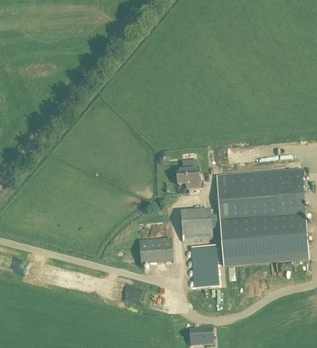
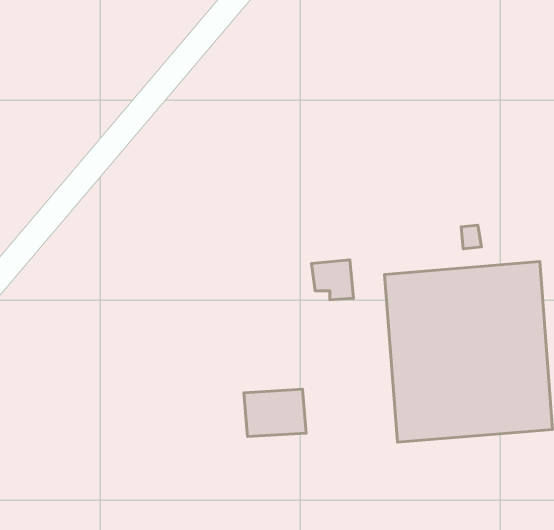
building: [180,207,213,241] -> none
building: [190,244,219,288] -> none

